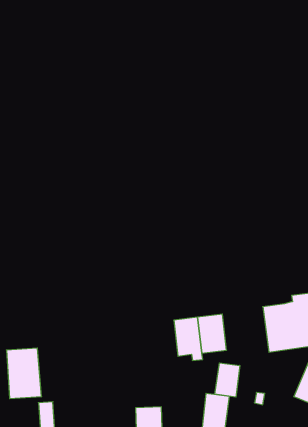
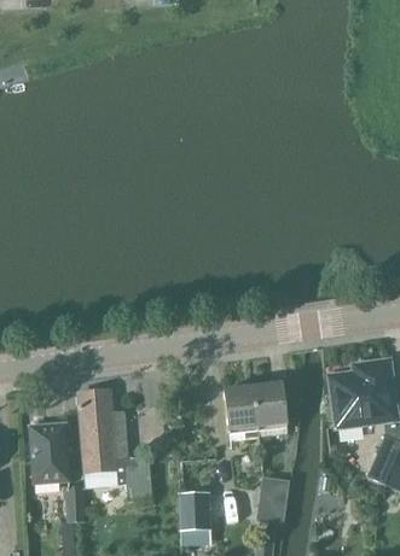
building: none -> [79,390,152,504]
building: [215,363,240,397] -> none

